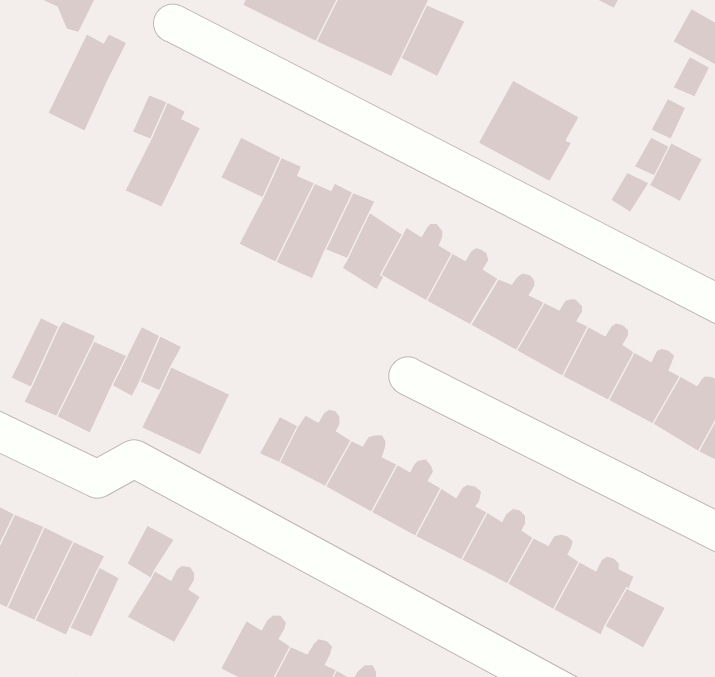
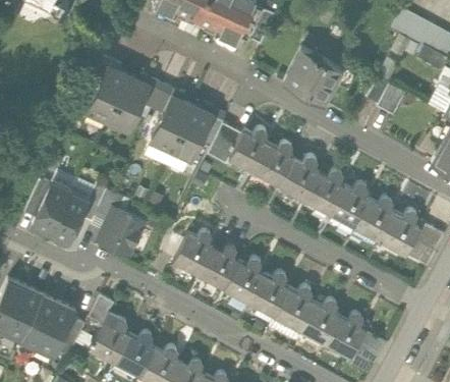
building: [48,34,127,131] -> [108,74,152,128]
building: none -> [115,331,155,374]

